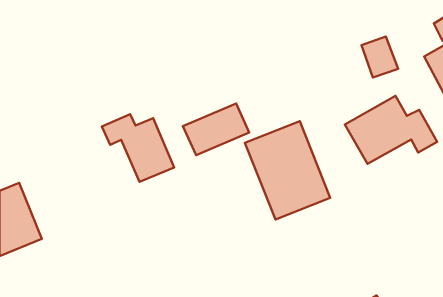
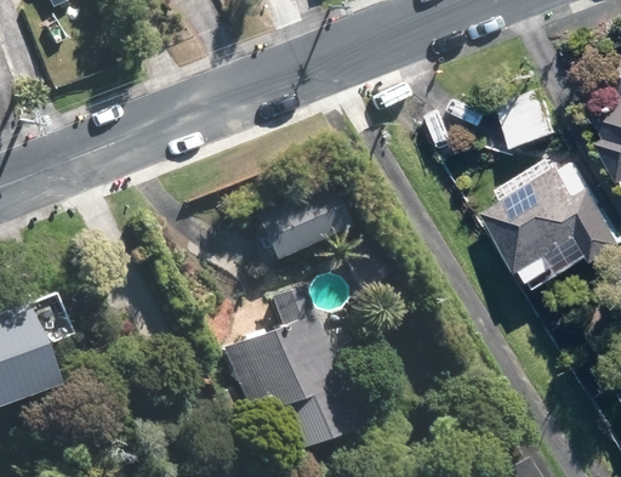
building: [102,114,174,182] -> none
building: [245,121,330,220] -> [240,310,359,447]

